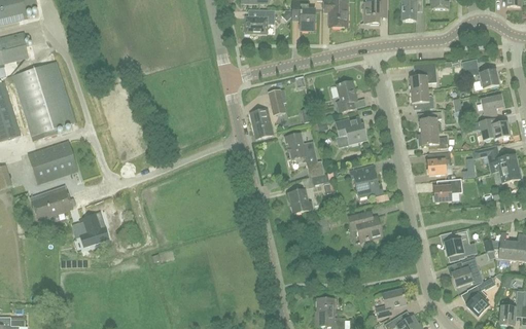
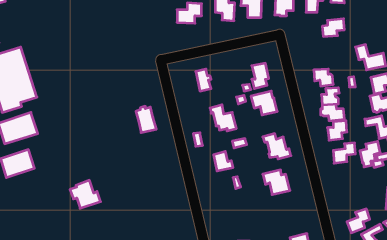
building: [410,68,436,89] -> [322,19,344,36]
building: [249,106,274,138] -> [136,106,156,133]
building: [71,213,108,247] -> [70,180,101,208]
building: [445,230,469,261] -> [360,141,380,167]

